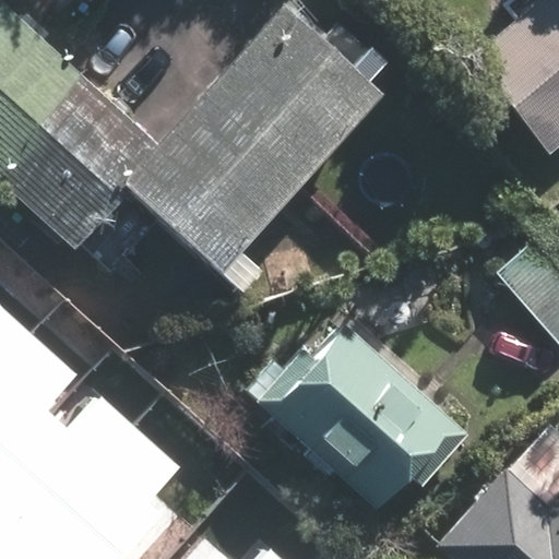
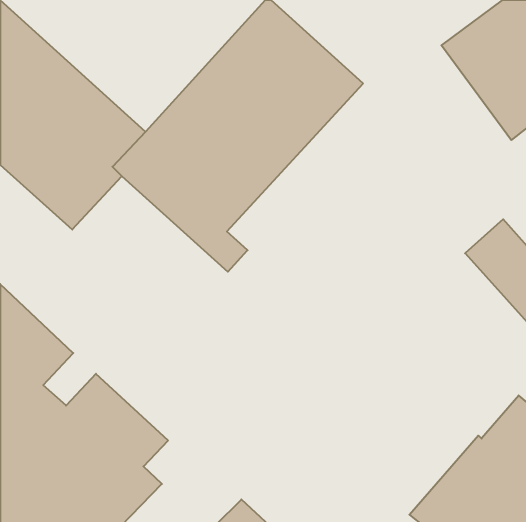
building: [248,322,469,509] -> none

